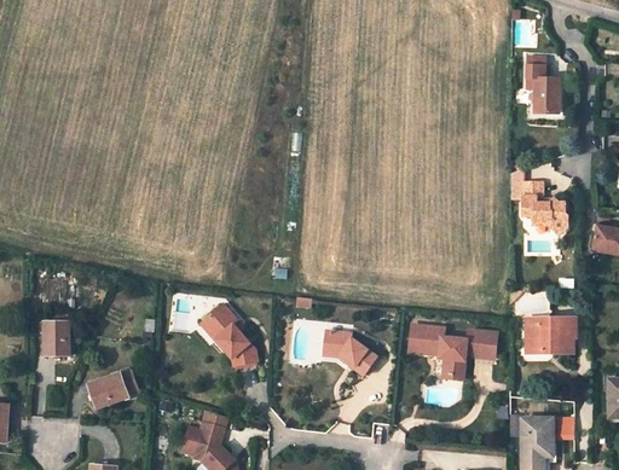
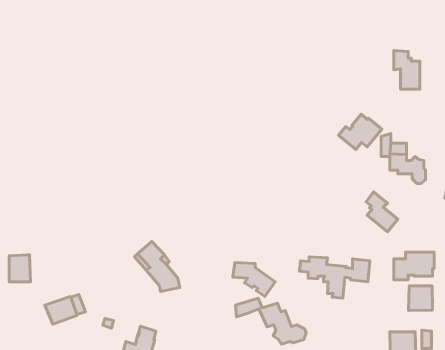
building: none -> [339,114,382,149]
building: none -> [366,192,398,232]
building: none -> [409,286,433,310]
building: none -> [235,298,306,344]

